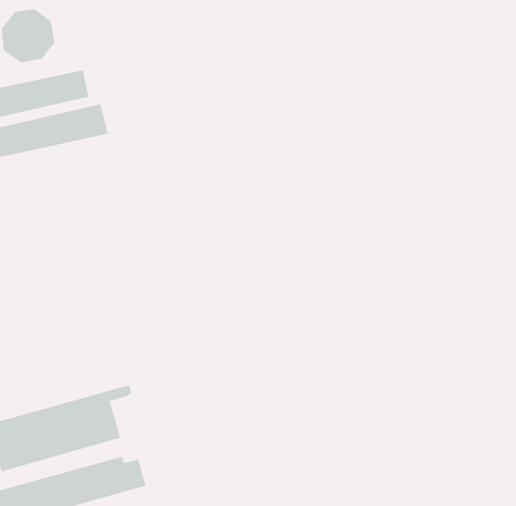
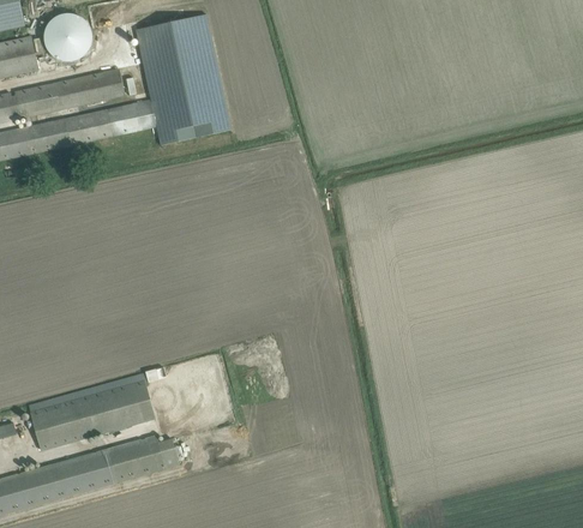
building: none -> [134,14,230,146]

